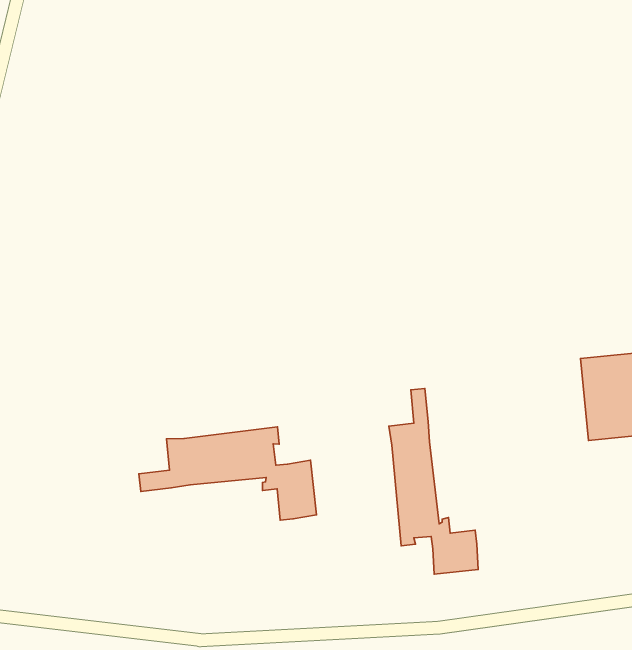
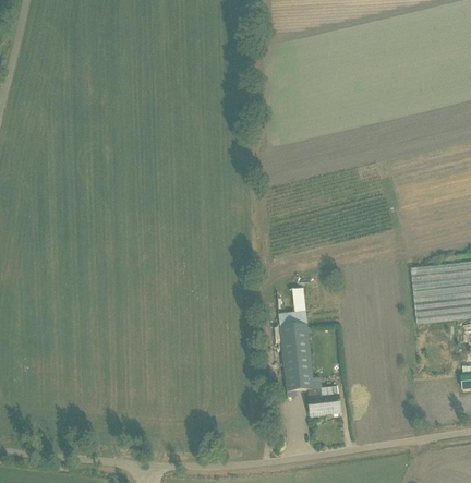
building: [139,427,316,520] -> none

